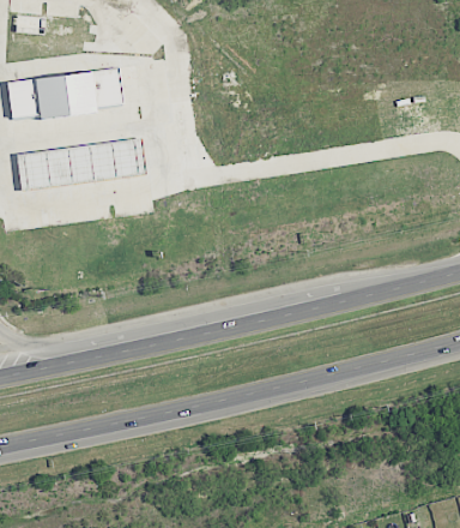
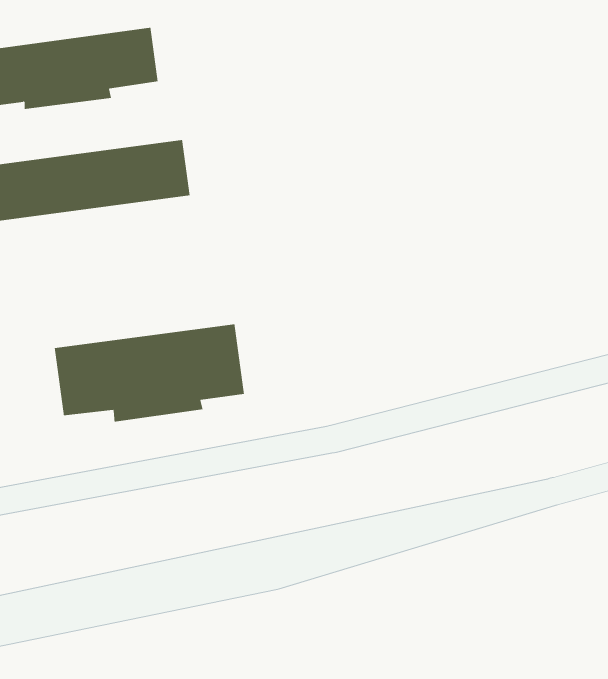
building: none -> [54,323,245,423]

